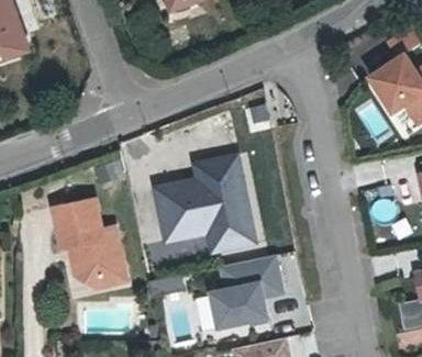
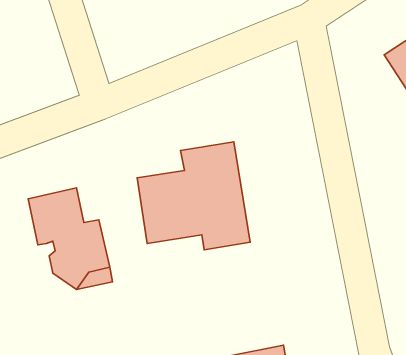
building: [210,255,286,332] -> none

